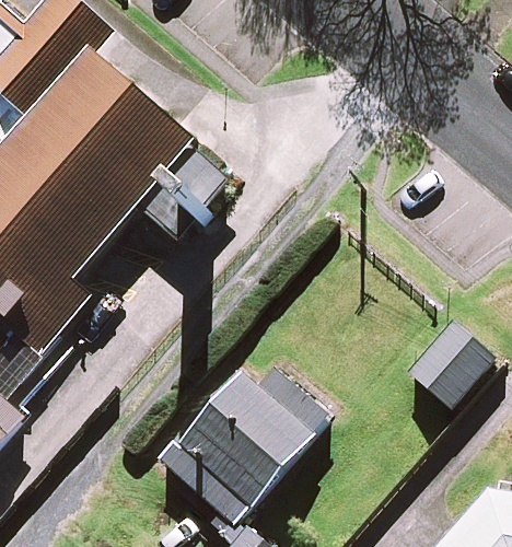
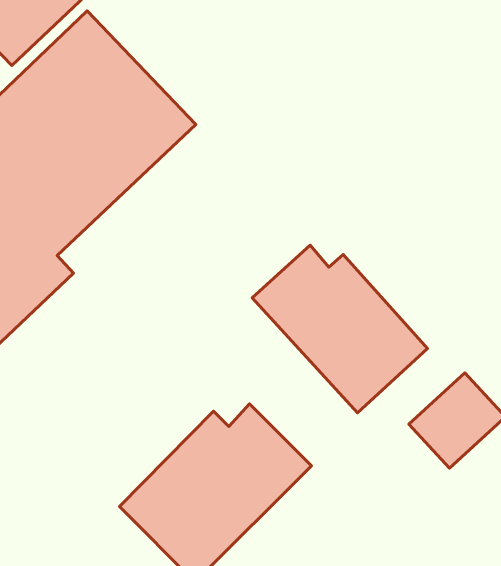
building: none -> [252,245,428,413]

